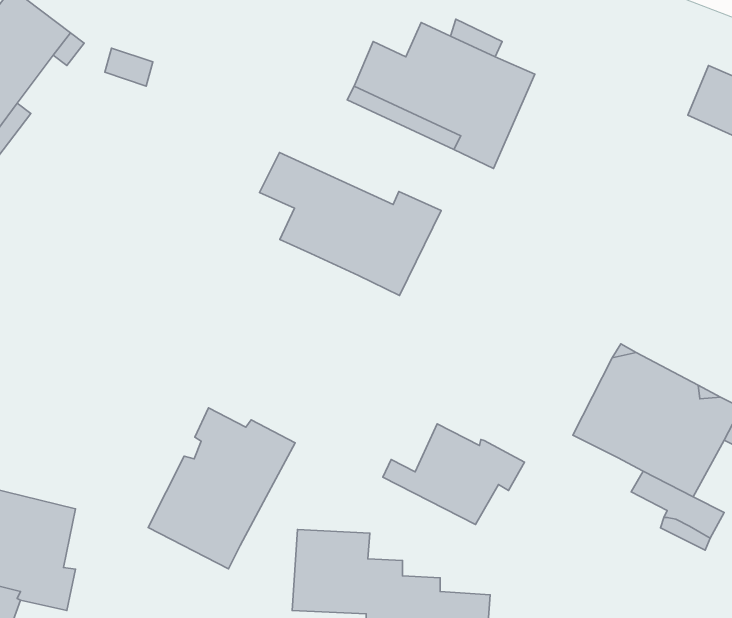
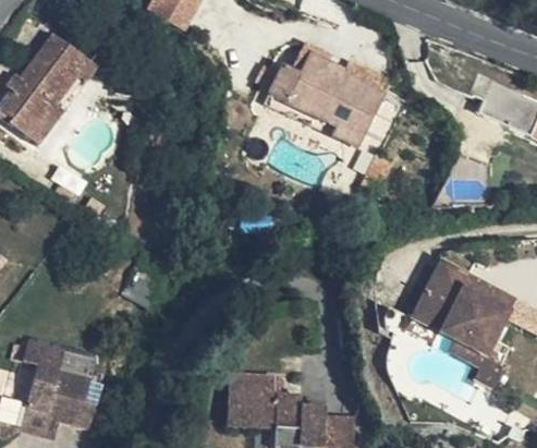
building: [259,153,441,296] -> none
building: [148,408,295,569] -> none
building: [383,424,525,525] -> none

